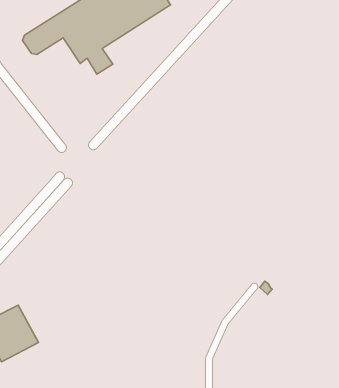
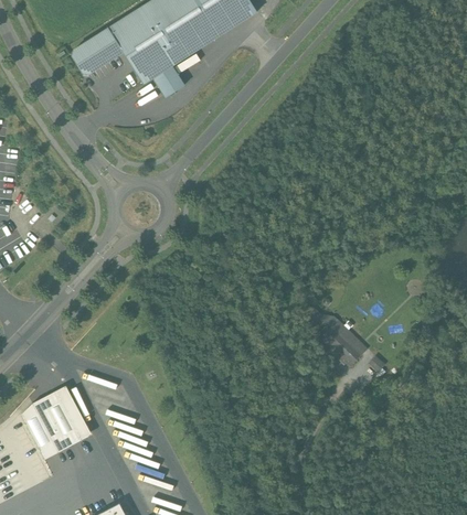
building: none -> [305,307,368,366]

